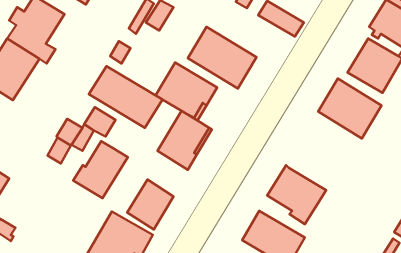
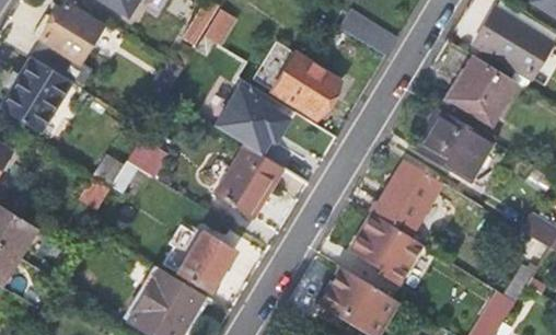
building: [89,66,162,128] -> none
building: none -> [377,160,442,235]
building: [73,141,128,198] -> none

